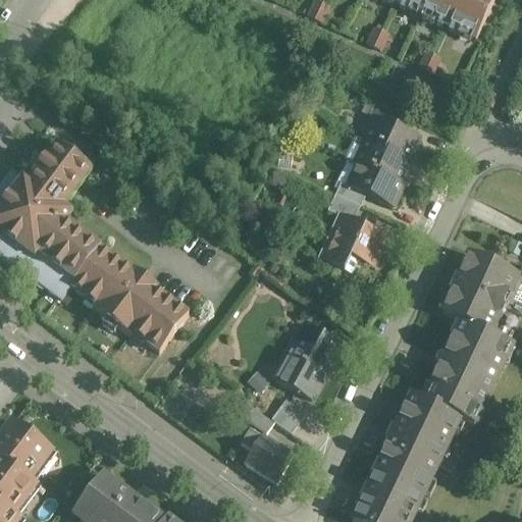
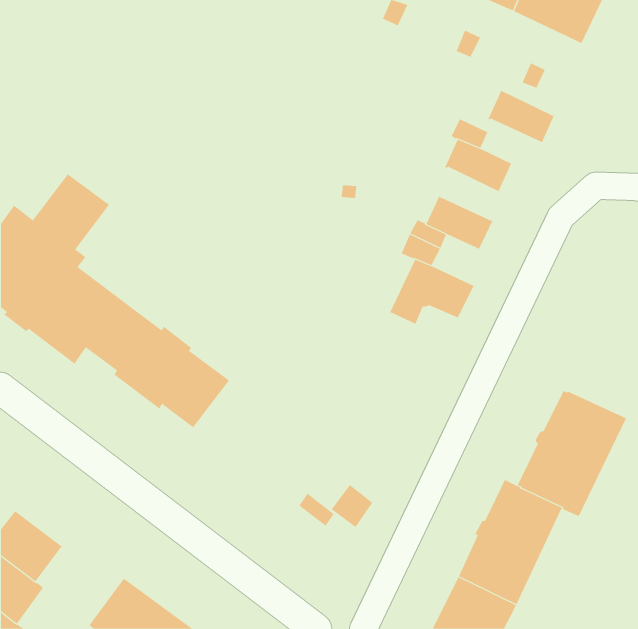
building: [355,137,410,179] -> [488,90,555,143]
building: [440,250,517,331] -> none
building: [279,321,337,397] -> none
building: [241,426,293,479] -> none

